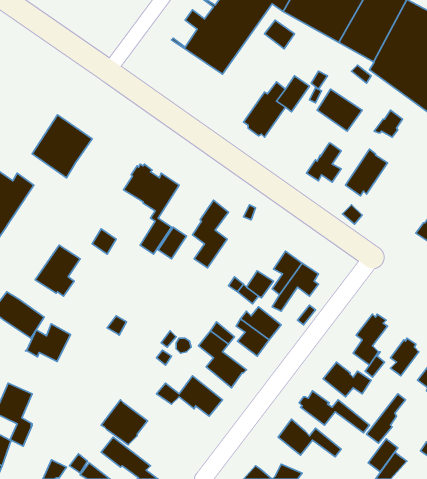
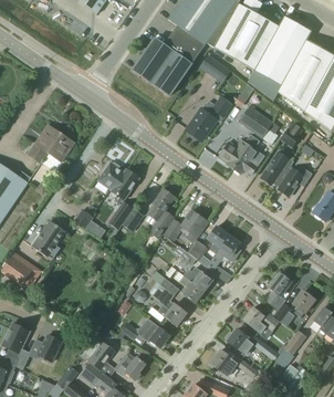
building: none -> [217,134,259,168]
building: none -> [275,166,311,196]
building: none -> [164,210,208,239]
building: [26,324,71,361] -> [28,334,61,362]
building: none -> [114,349,145,379]

